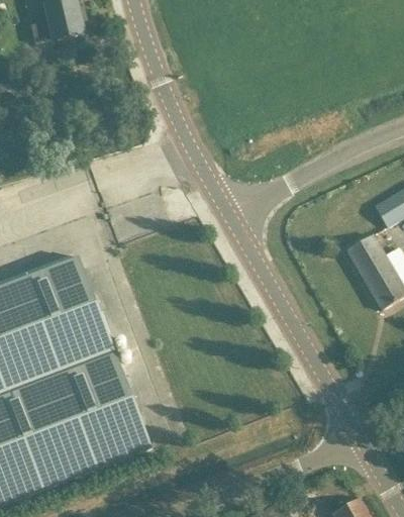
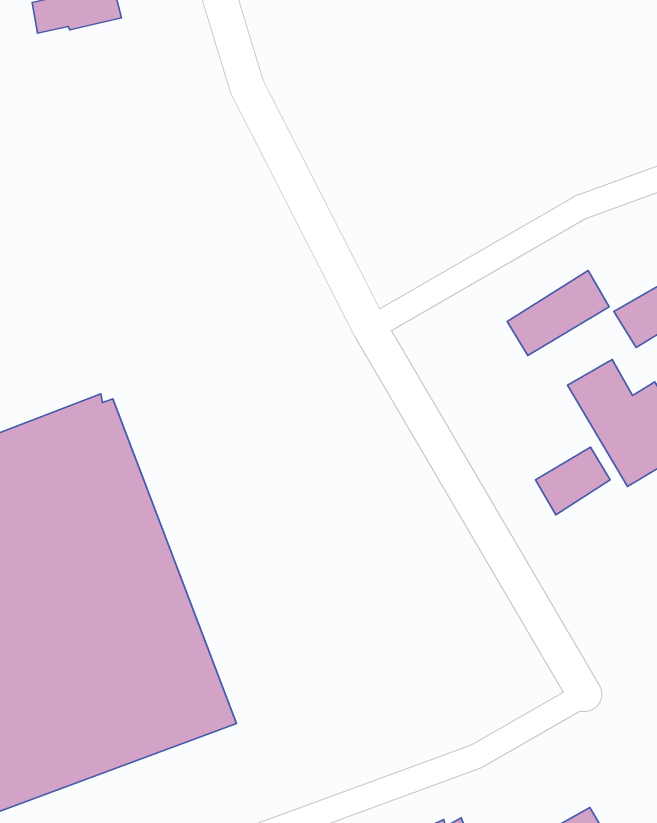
building: none -> [507,271,609,355]
building: none -> [535,447,610,515]

